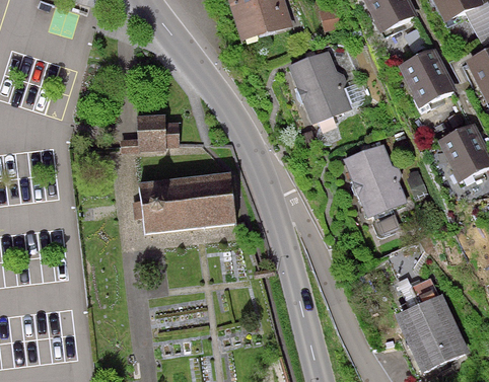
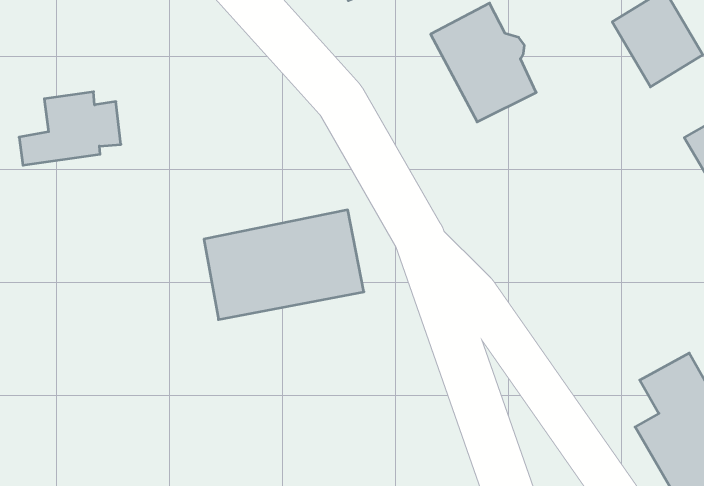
building: [117,112,179,154] -> [19,92,121,165]
building: [344,146,406,218] -> none

